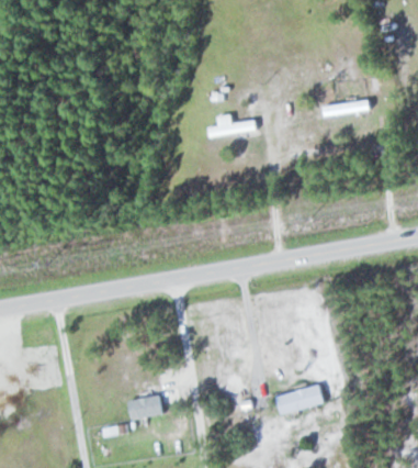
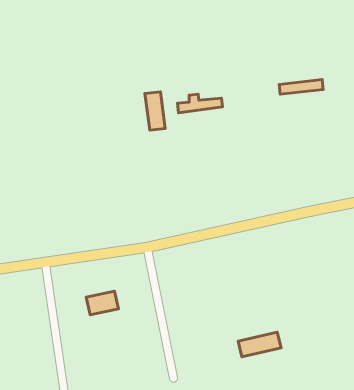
building: none -> [145,92,165,130]
building: [127,393,163,420] -> [86,291,119,315]

